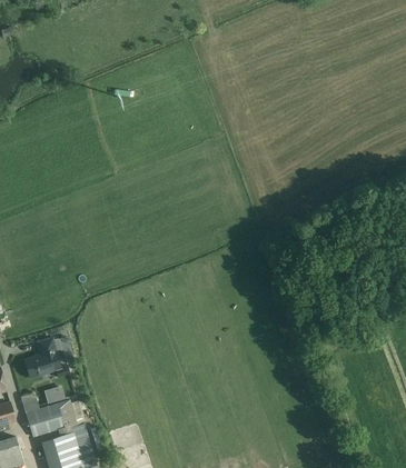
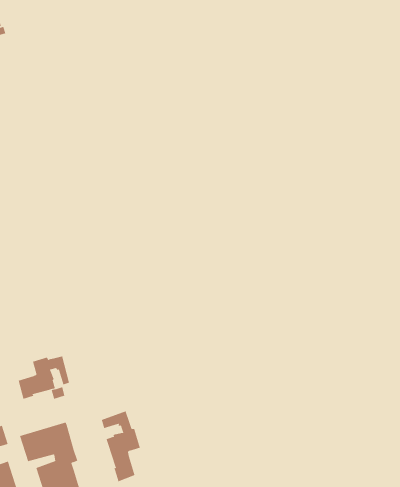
building: none -> [101,410,140,482]

